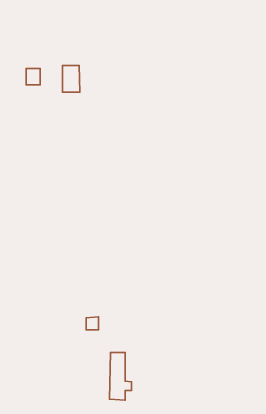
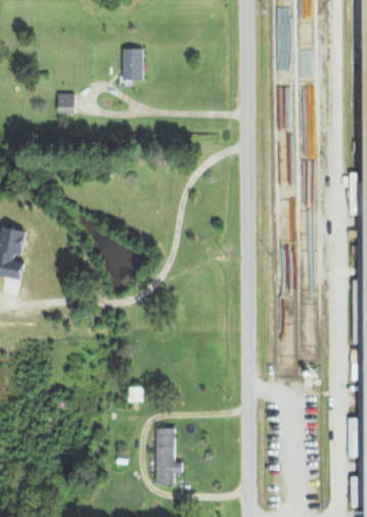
building: [63,65,80,92] -> [123,50,143,82]

